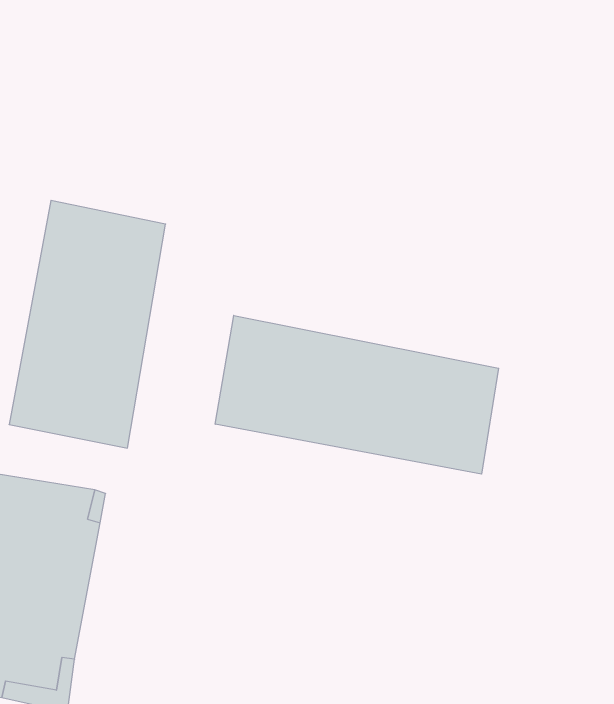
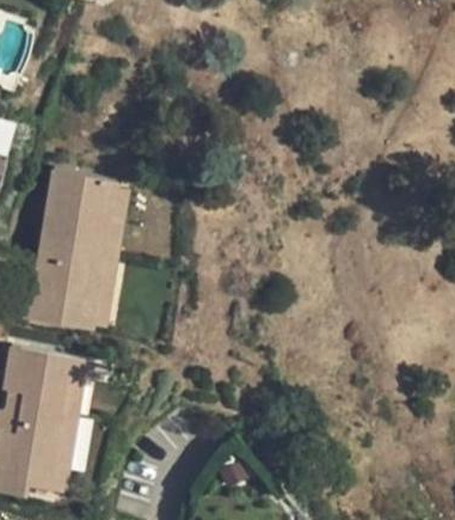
building: [215,315,499,474] -> none

